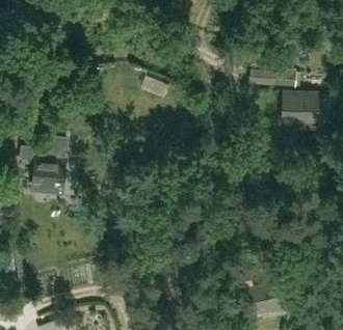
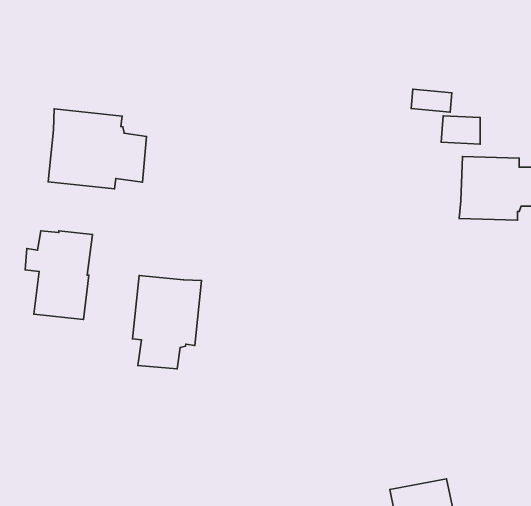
building: none -> [48,109,147,189]
building: none -> [132,276,202,369]

